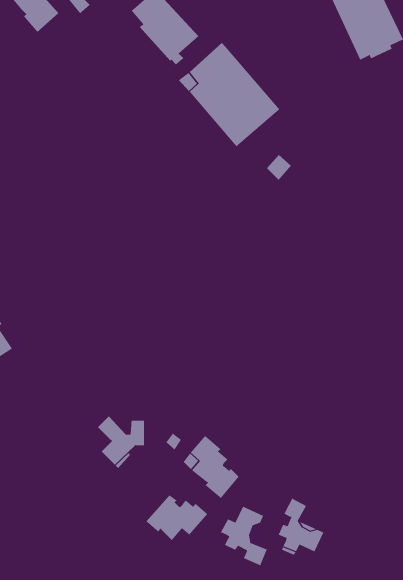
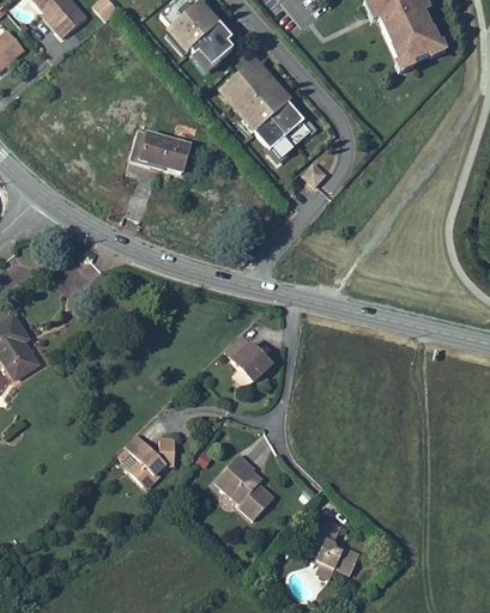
building: none -> [132,131,190,172]
building: none -> [225,334,271,388]
building: [146,495,208,541] -> none
building: [220,506,267,566] -> none

